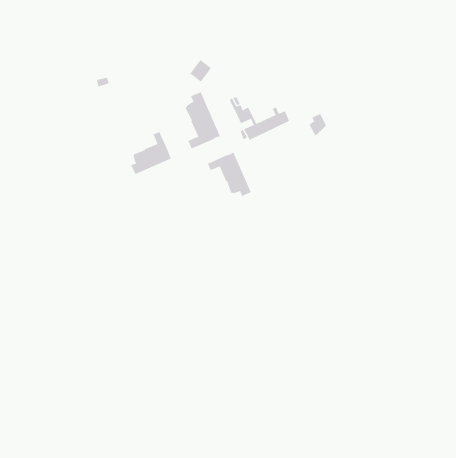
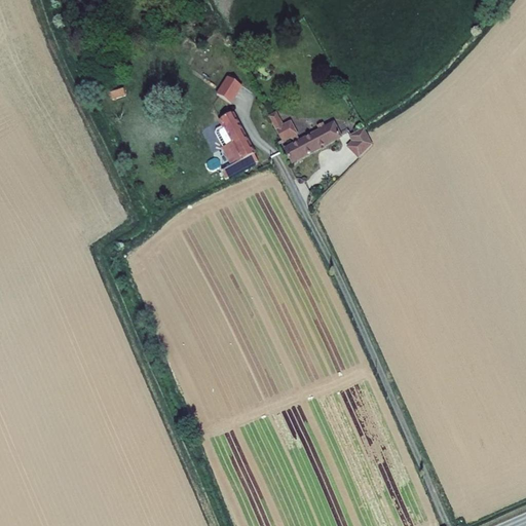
building: [131,131,172,175] -> none
building: [207,152,251,197] -> none

